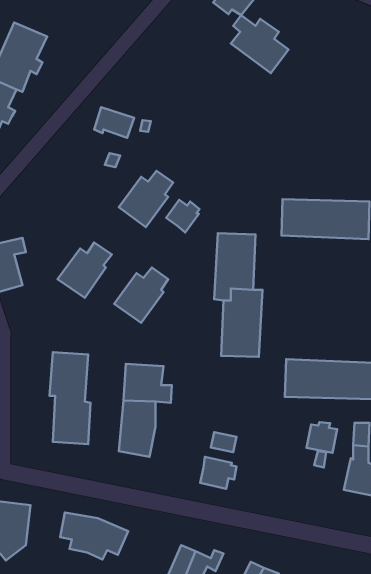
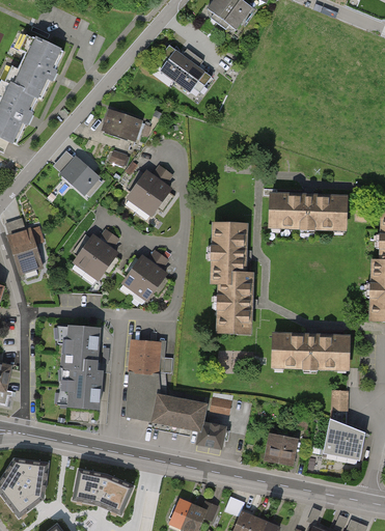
building: [231,15,288,73] -> [159,47,210,97]
building: none -> [58,157,99,196]
building: [166,200,200,233] -> none
building: [307,422,337,453] -> [268,435,295,462]
building: none -> [153,393,205,429]

